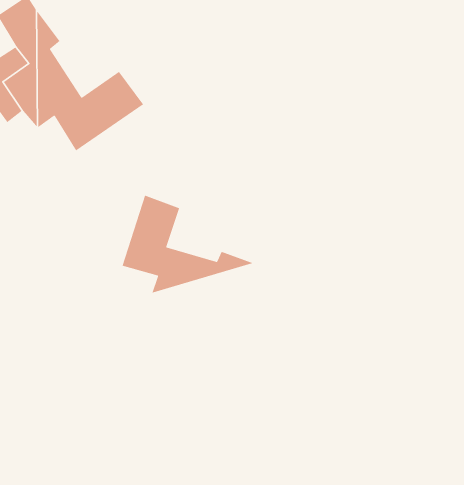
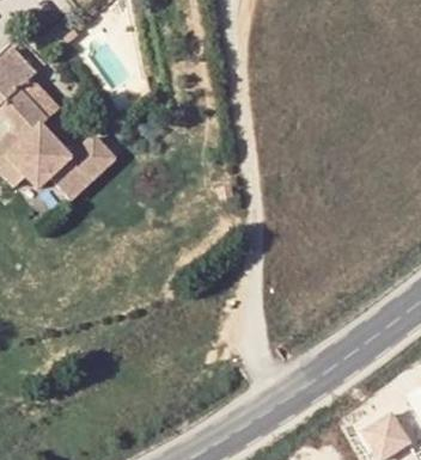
building: [121,195,255,294] -> none

